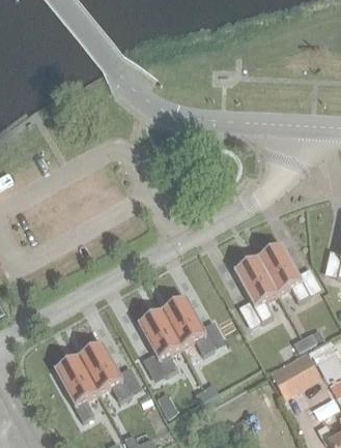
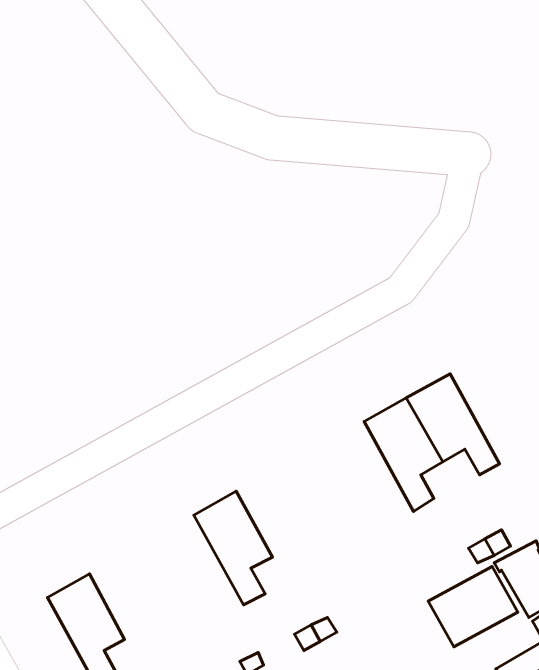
building: [160,296,212,353] -> none
building: [77,342,130,399] -> none

